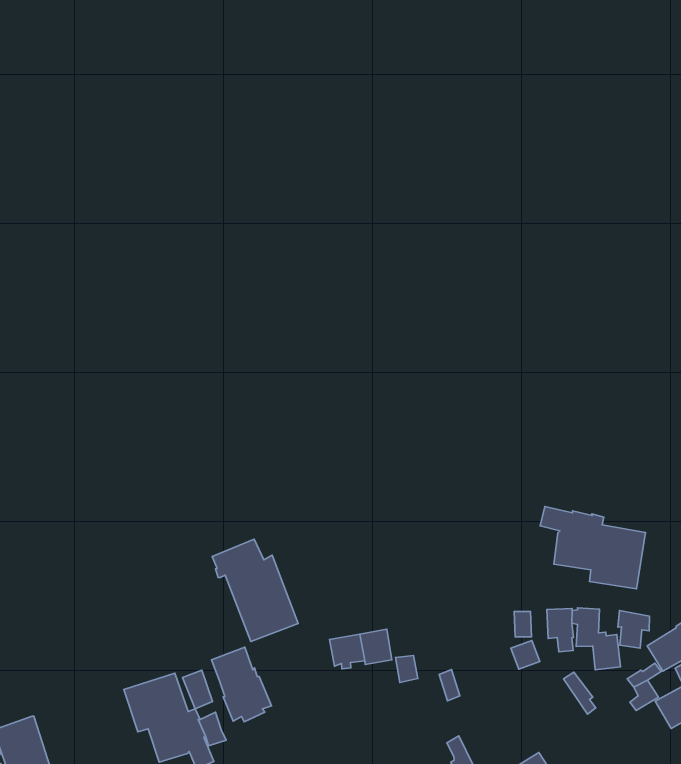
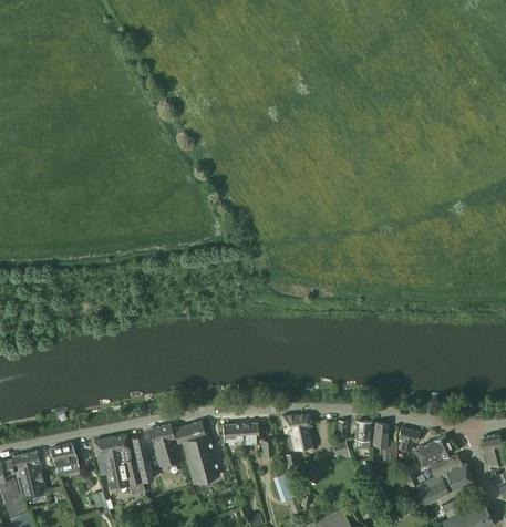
building: [540,506,645,589] -> none
building: [212,539,298,641] -> [174,422,221,484]
building: none -> [281,416,317,451]
building: none -> [50,444,80,476]

